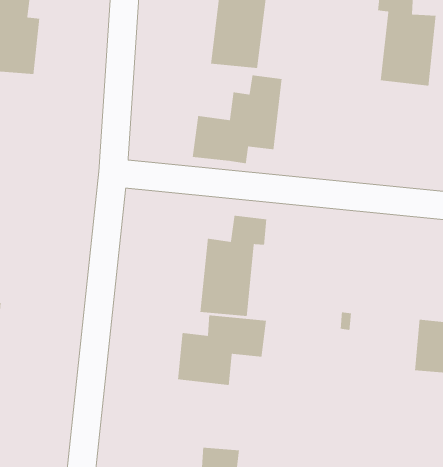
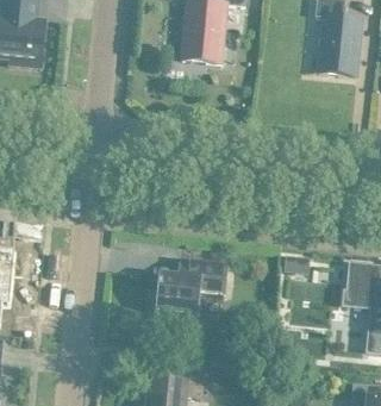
building: [192,74,283,164] -> none
building: [199,215,267,317] -> none

